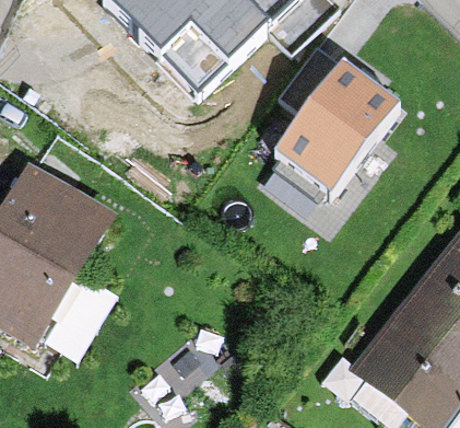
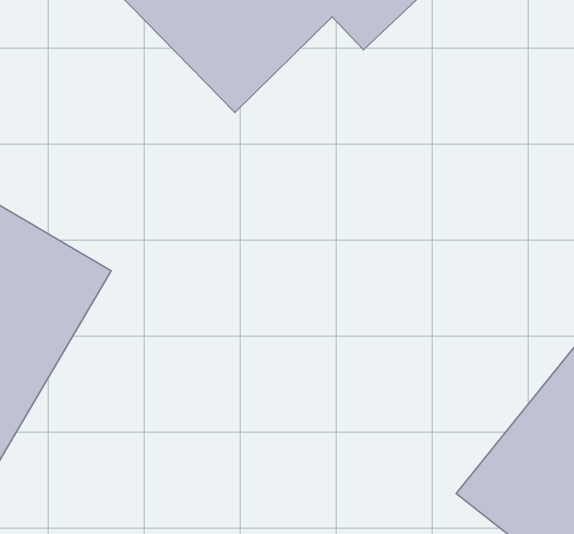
building: [272,49,399,205] -> none

